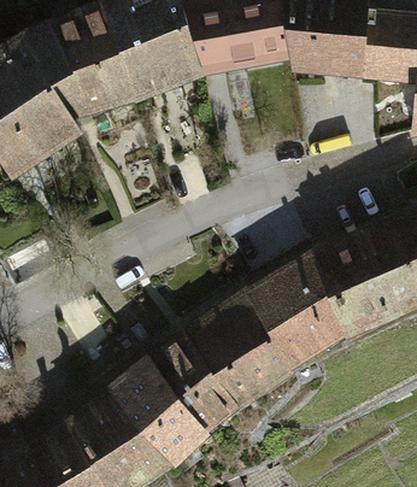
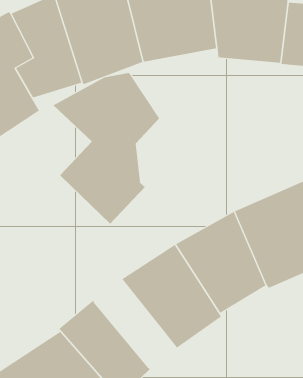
building: none -> [52,72,160,224]
building: [143,331,237,434] -> none

